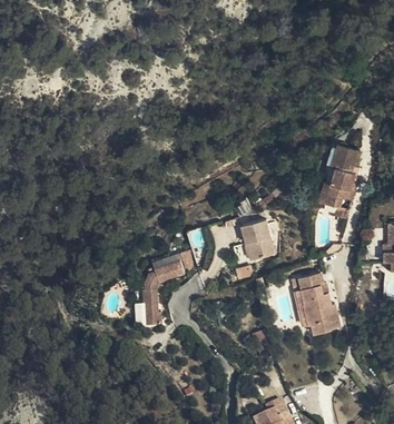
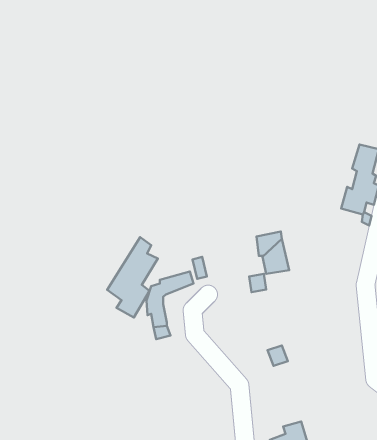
building: none -> [107,237,158,317]
building: [296,273,339,335] -> none

